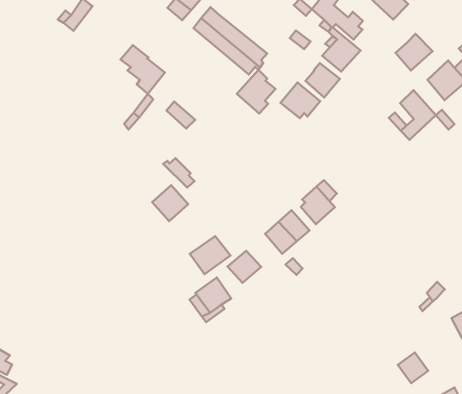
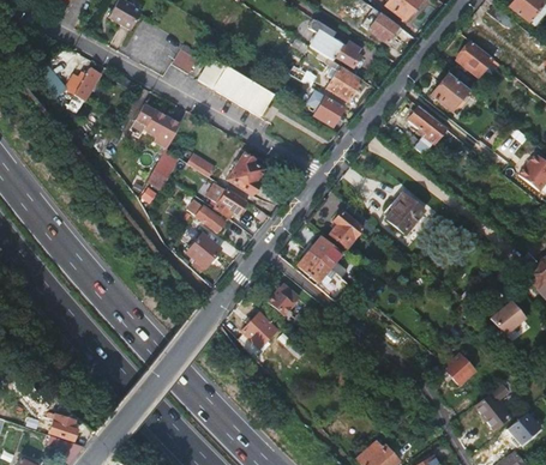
building: [395,34,432,70] -> none
building: [237,70,275,114] -> [227,153,263,195]
building: [280,82,320,118] -> none
building: none -> [209,187,244,217]
building: none -> [386,195,425,234]
building: [190,236,230,274] -> none

